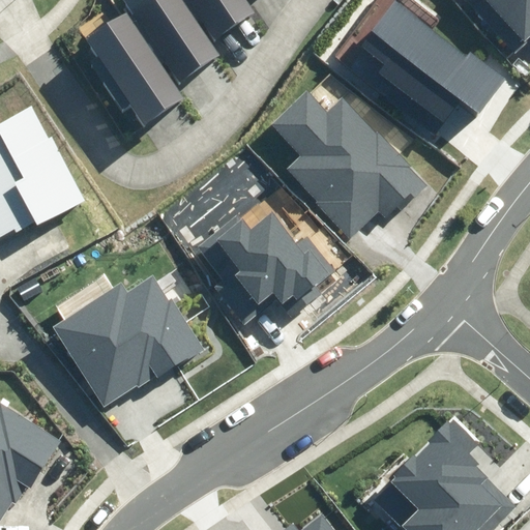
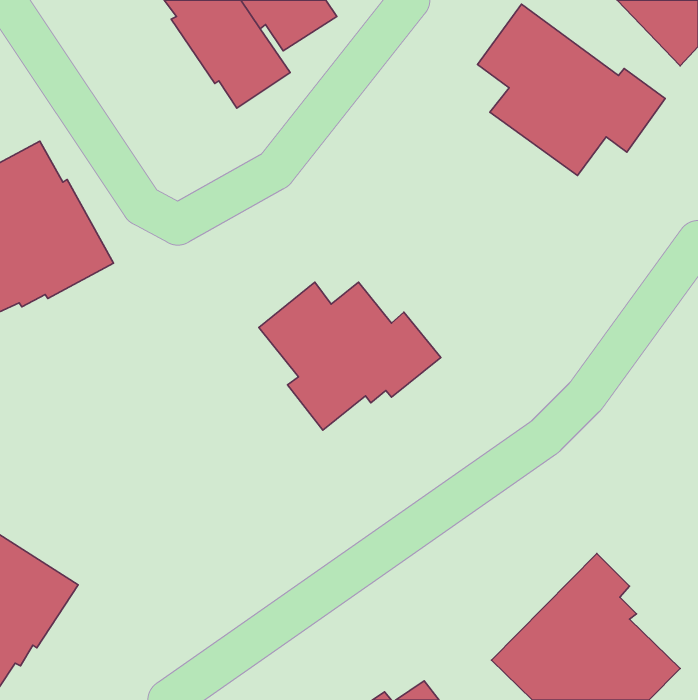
building: [87,10,183,121] -> none
building: [271,90,426,237] -> none
building: [52,276,203,408] -> none

